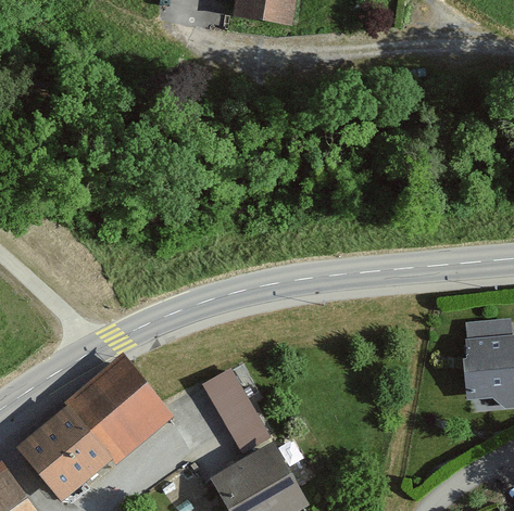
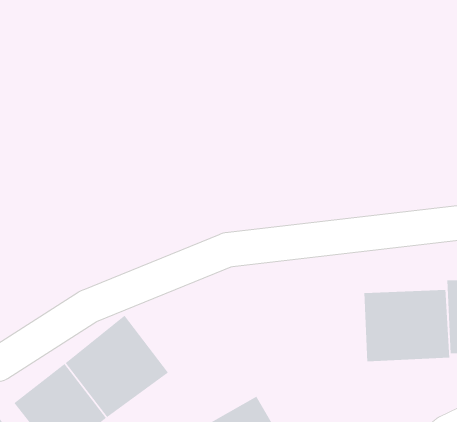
building: none -> [364,289,450,362]
building: [200,360,268,445] -> none

